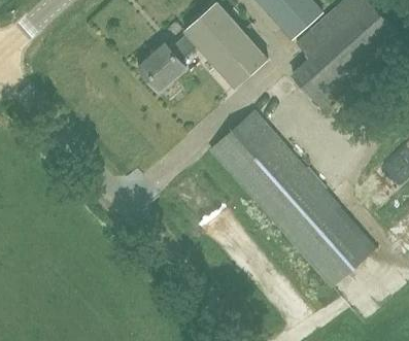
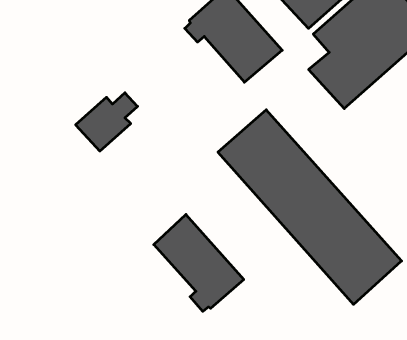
building: [136,38,192,91] -> [76,93,138,151]
building: none -> [154,214,244,311]

